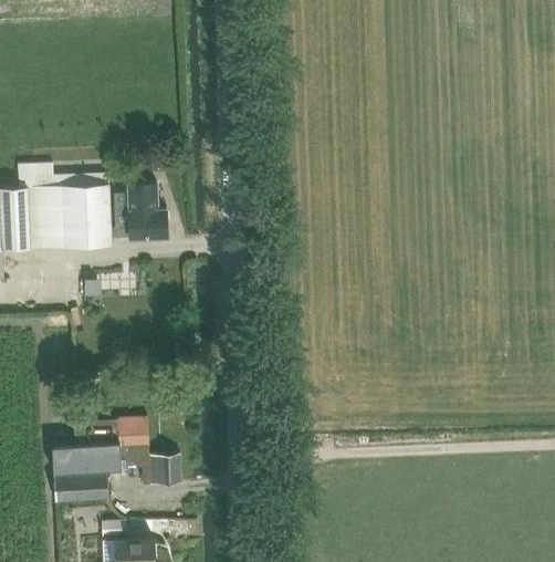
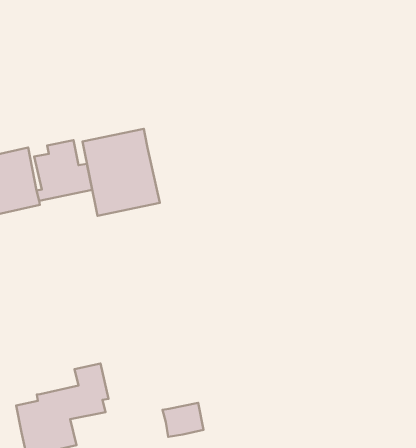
building: none -> [82,129,160,216]
building: [142,455,180,485] -> [163,403,204,437]

